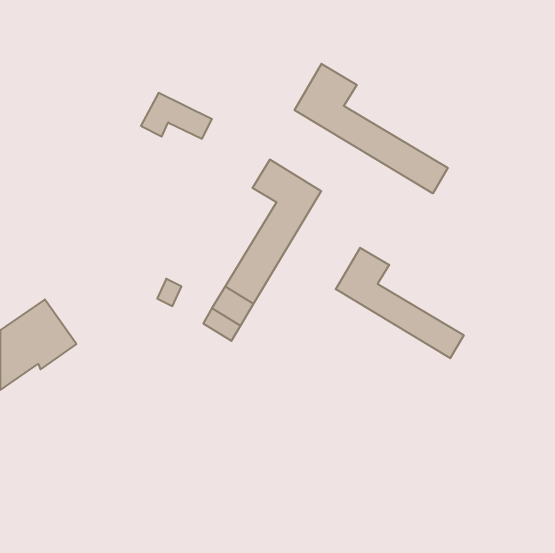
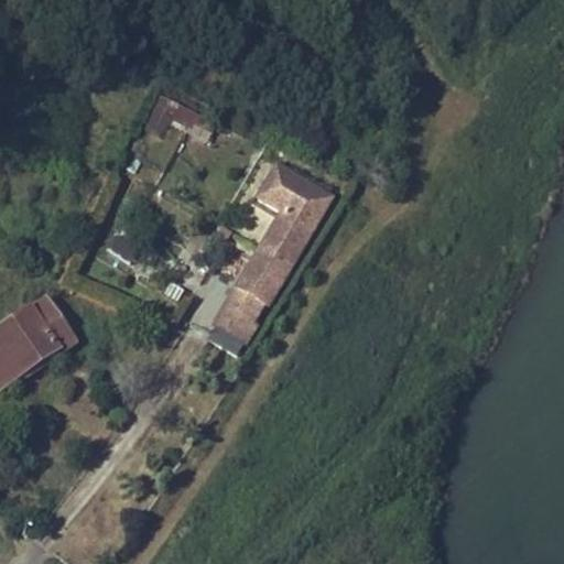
building: [295,64,448,193] -> none
building: [336,248,464,358] -> none

